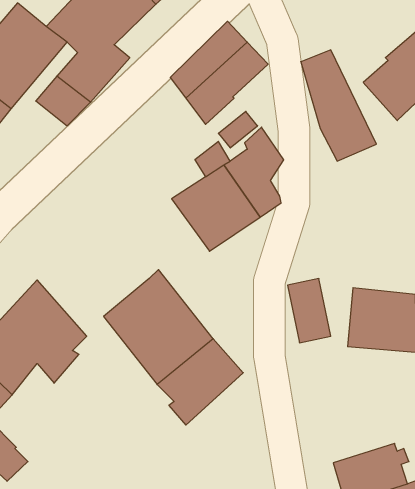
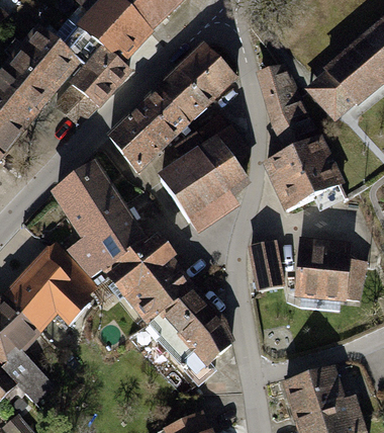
building: none -> [109,86,189,171]
building: none -> [264,138,342,210]
building: none -> [56,166,142,277]
building: none -> [171,315,230,383]

